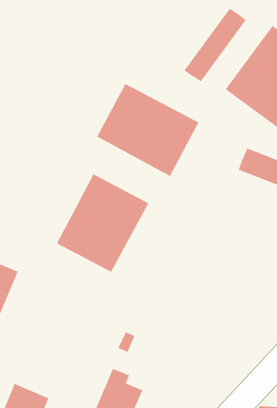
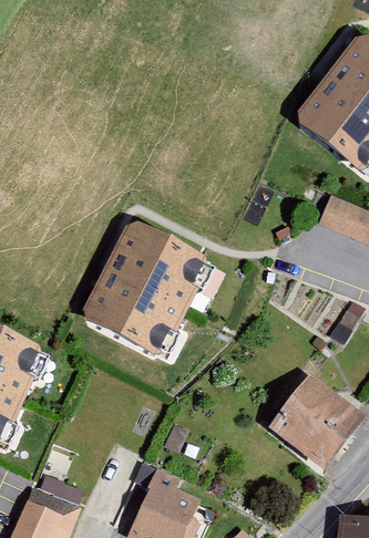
building: [183,8,246,82] -> none
building: [96,83,199,177] -> none
building: none -> [273,379,359,464]

